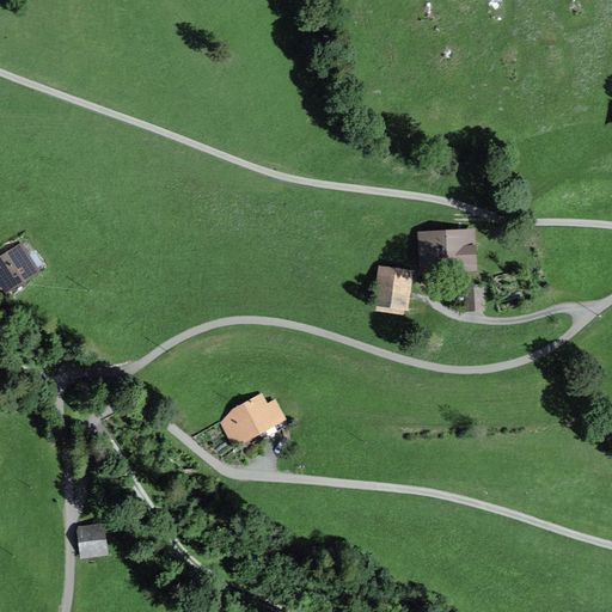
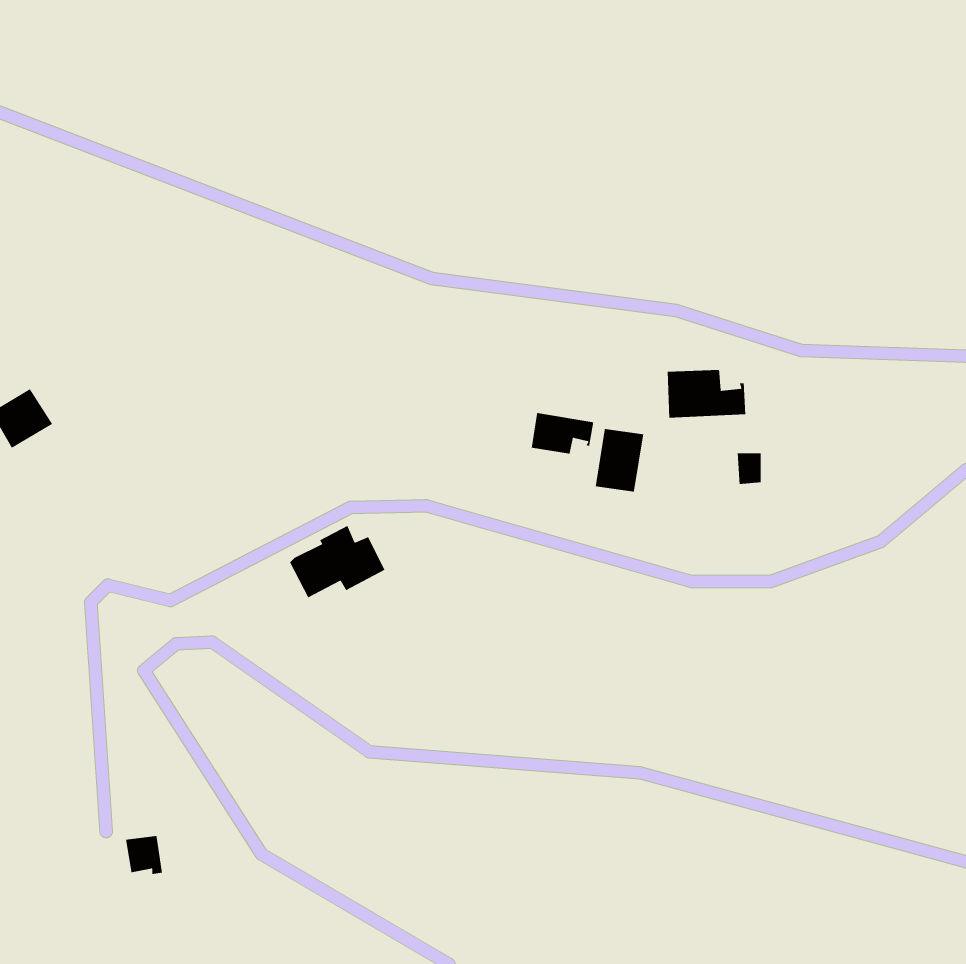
building: none -> [531,412,594,454]
building: [224,392,284,439] -> [289,525,386,599]

